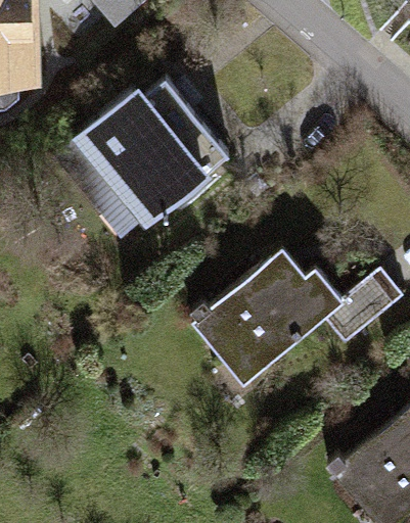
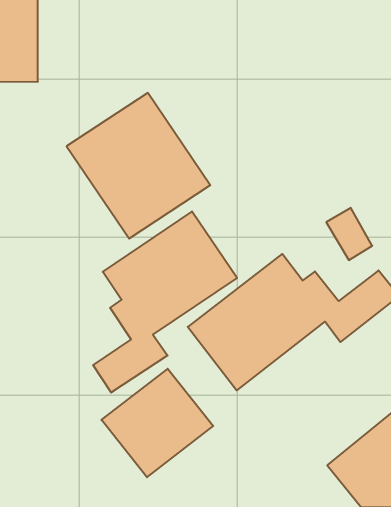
building: none -> [93,211,237,393]
building: none -> [101,369,213,477]

